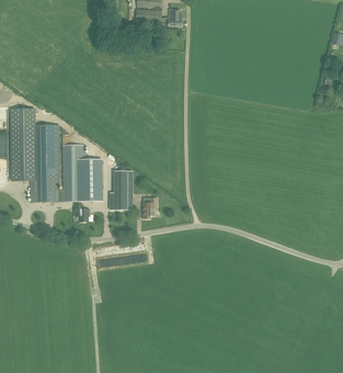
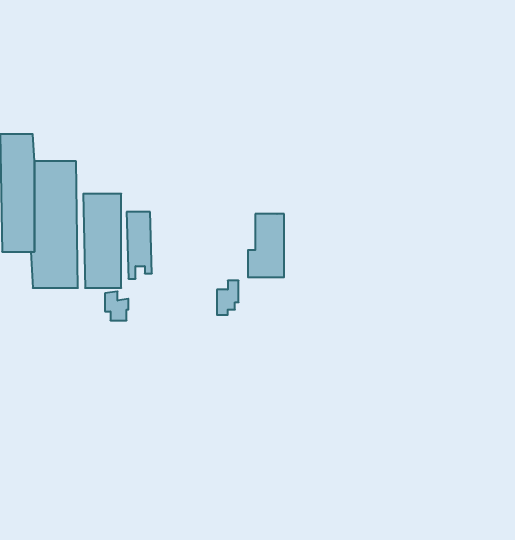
building: [110,170,132,208] -> [248,214,284,277]

